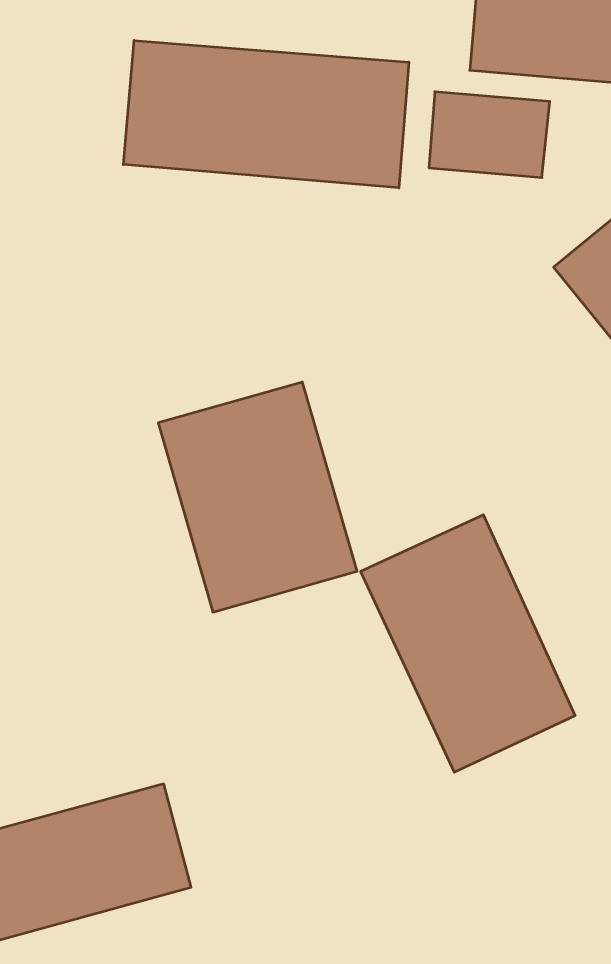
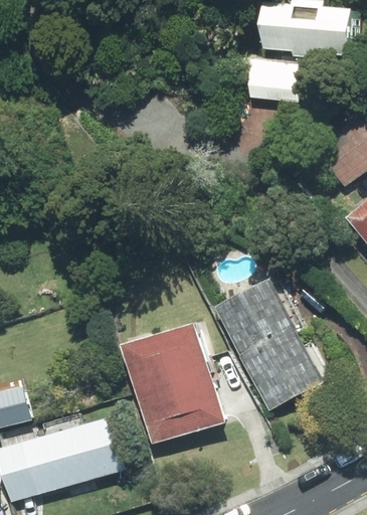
building: [123,40,409,188] -> none
building: [158,382,357,612] -> [122,323,224,442]

